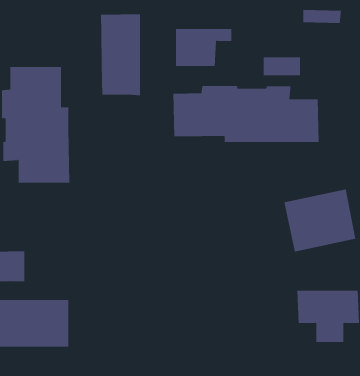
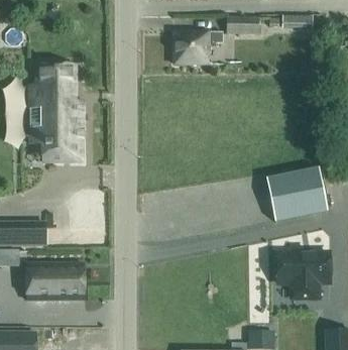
building: [100,13,140,96] -> none
building: [263,57,301,76] -> [227,17,259,33]
building: [173,85,319,143] -> none

